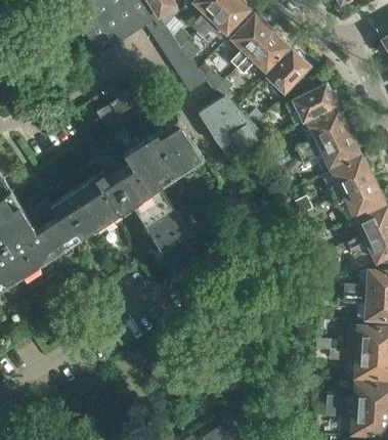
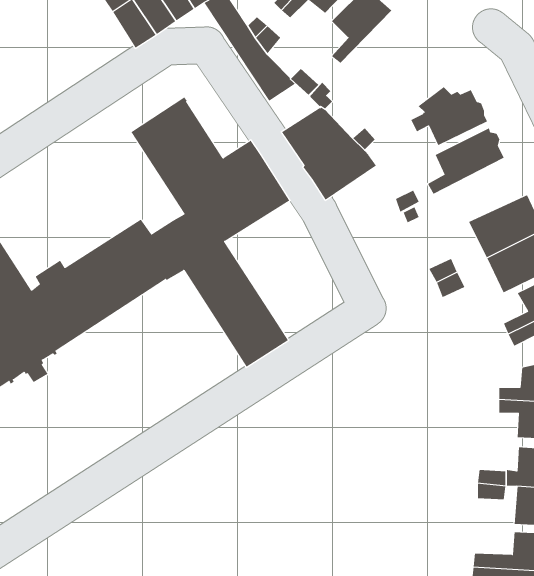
building: [238,31,289,73] -> none
building: [266,50,309,95] -> none
building: [300,130,359,171] -> none

